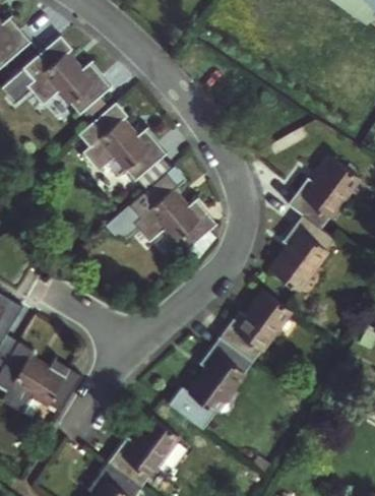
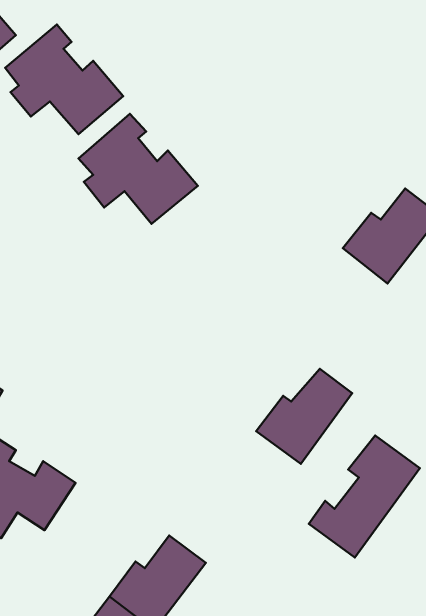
building: [108,178,220,257] -> none
building: [263,213,330,291] -> none
building: [167,339,250,431] -> [309,436,420,558]

